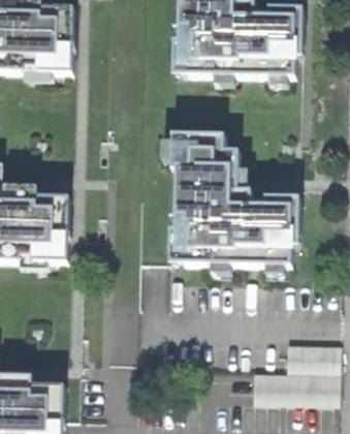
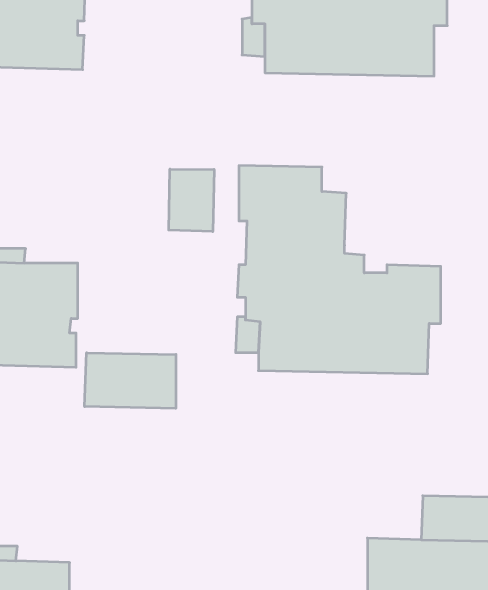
building: none -> [169,169,214,232]
building: none -> [85,353,176,408]

